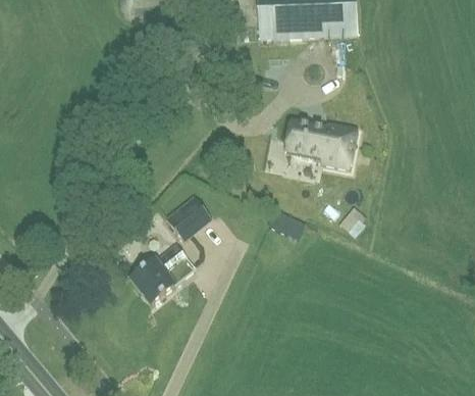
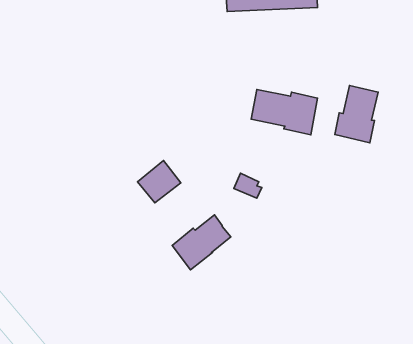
building: none -> [335,86,378,143]
building: [130,244,193,302] -> [172,215,231,270]

